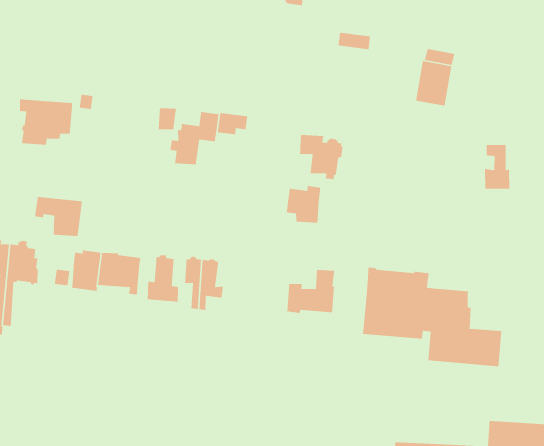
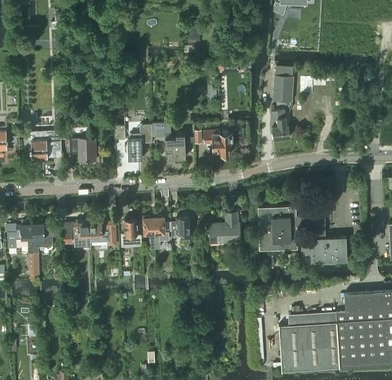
building: [484,144,510,189] -> [271,111,290,141]
building: [286,185,321,224] -> [165,136,186,160]
building: [34,196,83,237] -> [66,139,95,163]
building: none -> [170,215,193,240]

